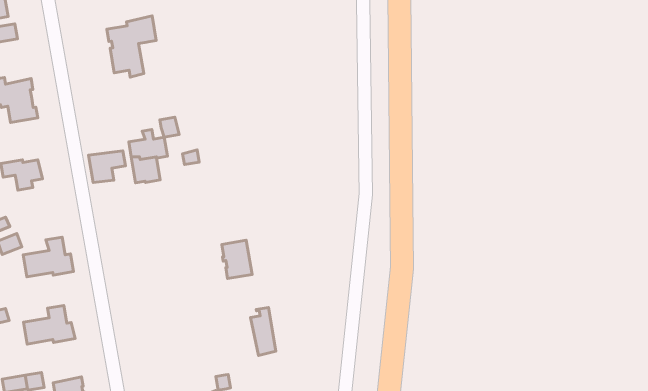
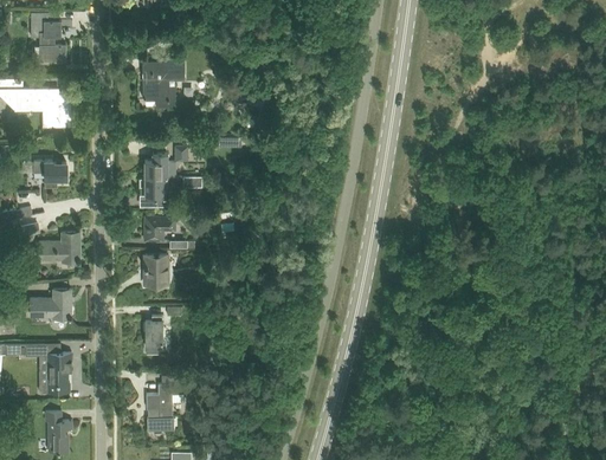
building: [89,151,125,182] -> [144,216,174,241]
building: [222,240,252,278] -> [143,255,166,285]
building: [251,307,276,355] -> [144,316,161,355]

